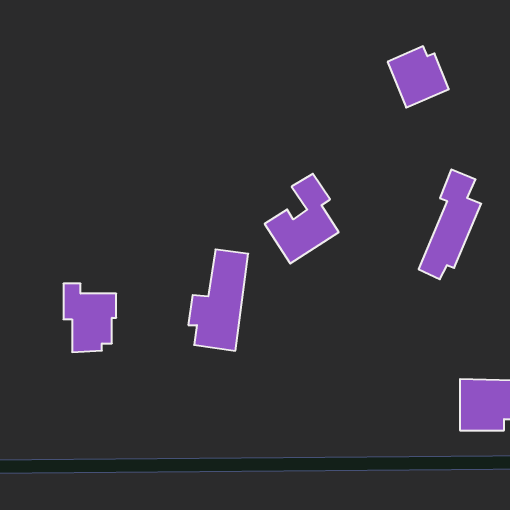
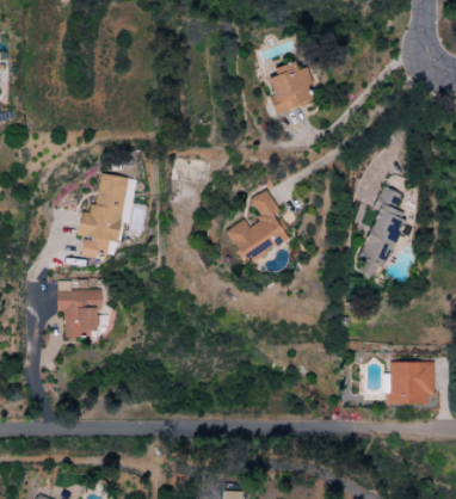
building: [388,46,449,108] -> [265,61,316,112]
building: [188,249,248,351] -> [76,173,127,258]

